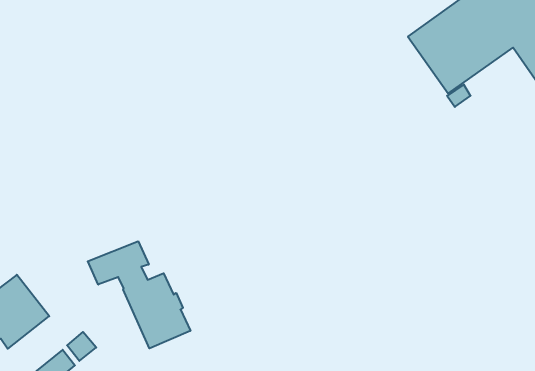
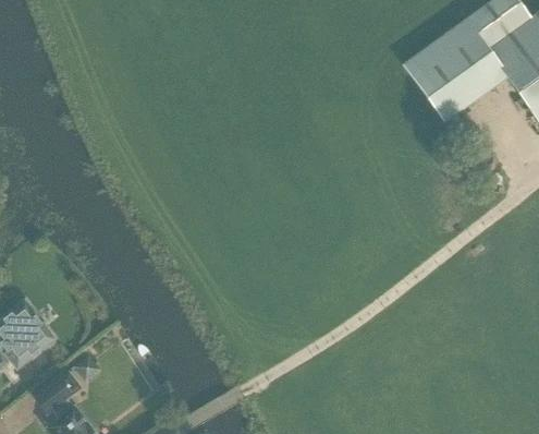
building: [88,241,190,348] -> none

